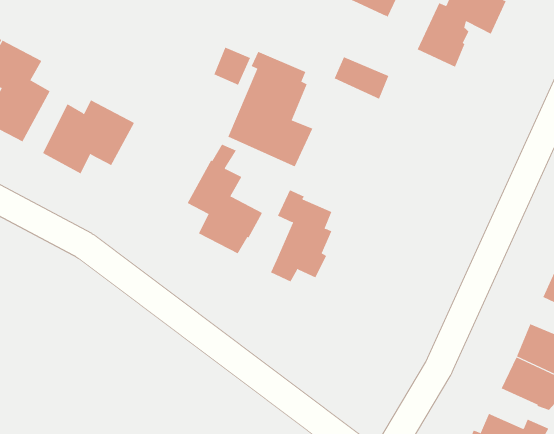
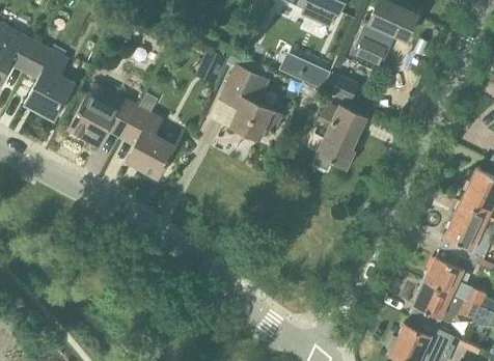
building: none -> [325,73,358,102]
building: [187,144,263,254] -> [121,94,179,177]
building: [270,190,332,282] -> [312,102,359,171]

